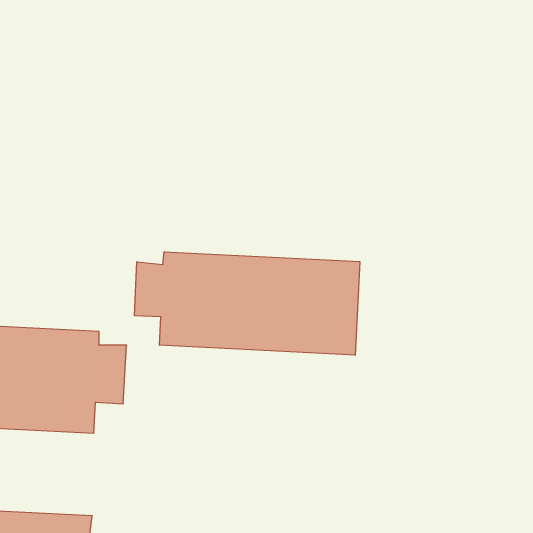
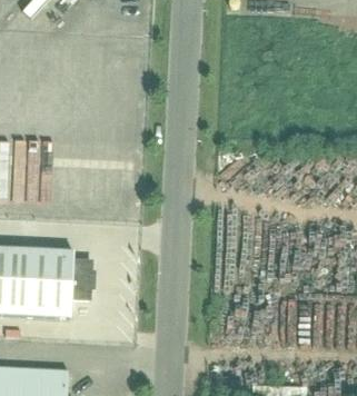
building: [135,252,360,355] -> none

